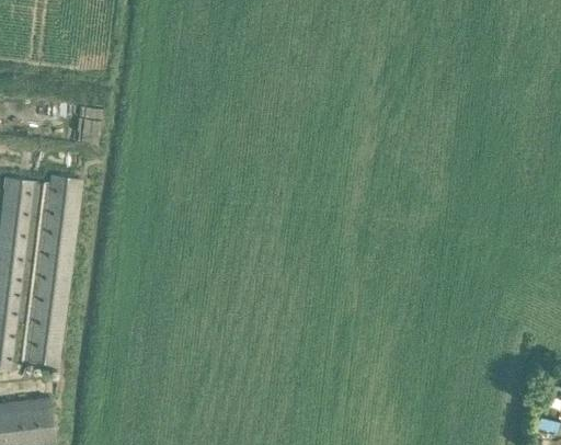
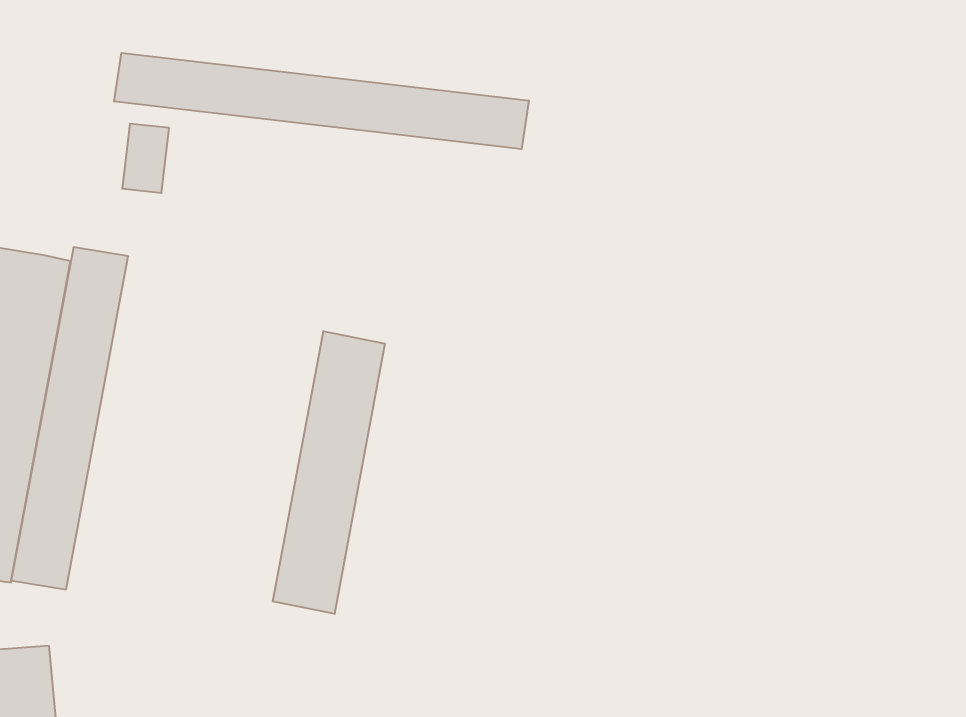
building: none -> [114,53,529,149]
building: none -> [273,331,385,614]

